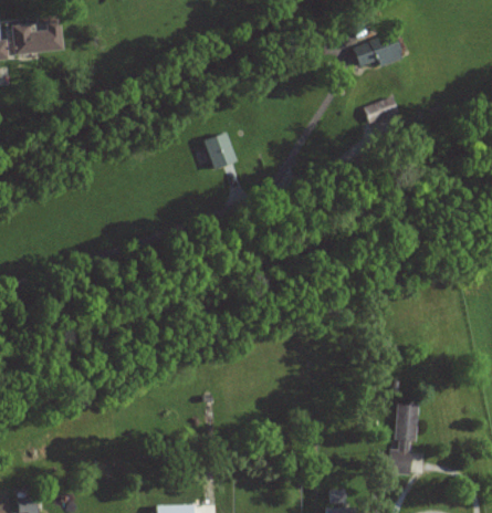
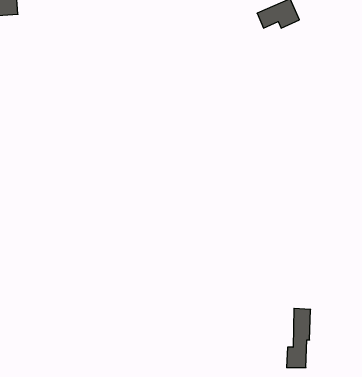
building: [365,97,404,121] -> none
building: [202,132,237,168] -> none

